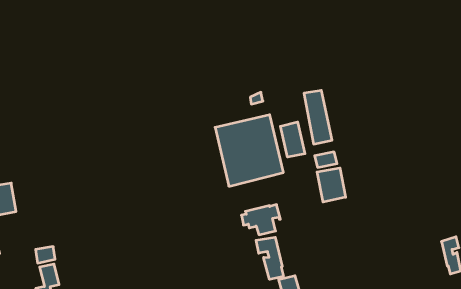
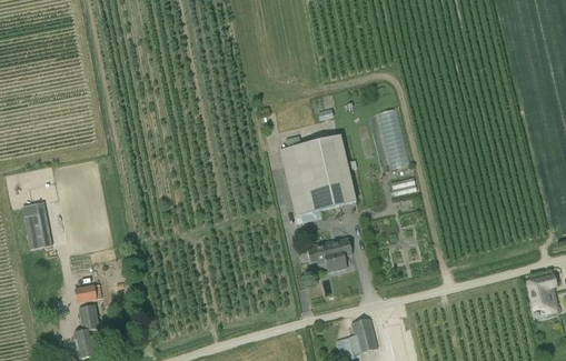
building: [280,122,305,157] -> none
building: [317,168,346,202] -> none
building: [256,237,283,279] -> none

